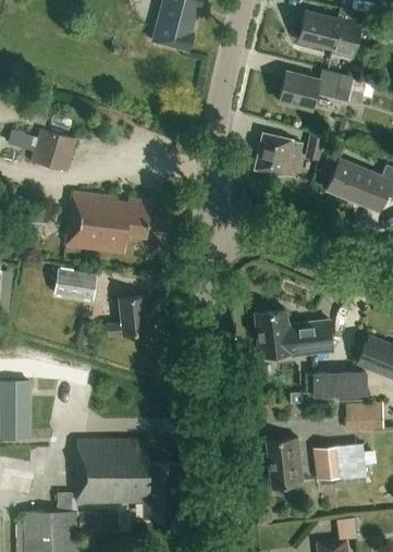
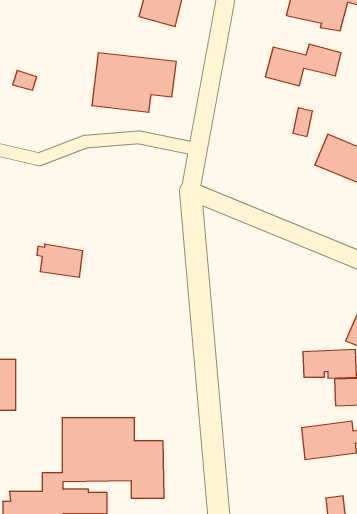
building: [30,130,74,170] -> none
building: [255,134,302,177] -> none
building: [66,194,150,253] -> [92,53,176,112]
building: [105,297,147,336] -> none
building: [255,310,333,357] -> none
building: [267,439,304,489] -> none

